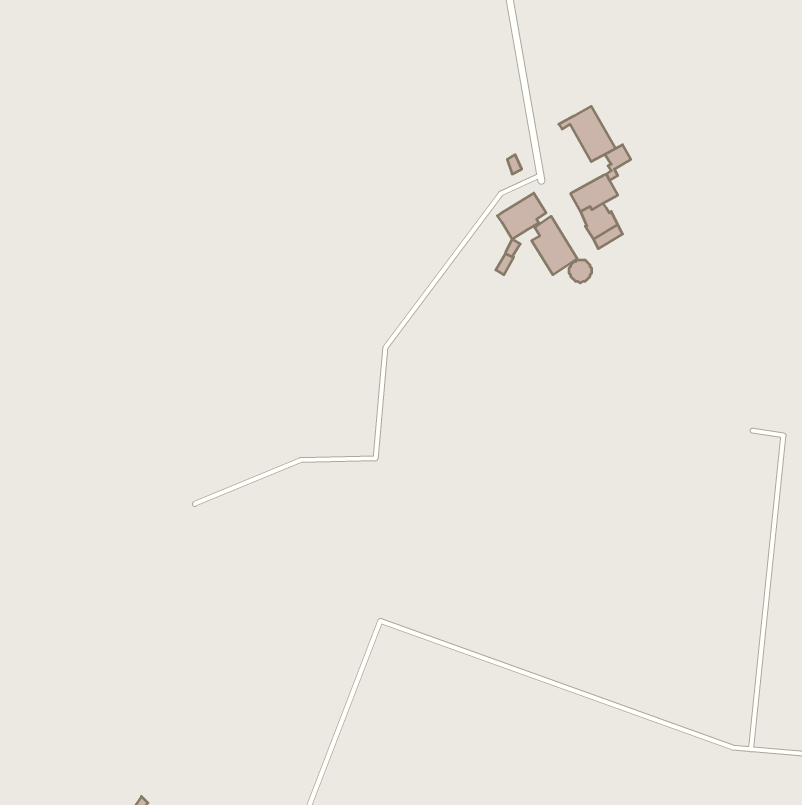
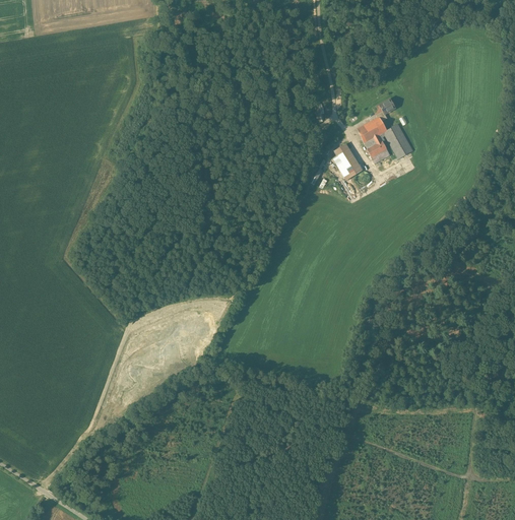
building: [559,106,616,162] -> [377,123,412,157]
building: [497,193,546,239] -> none

